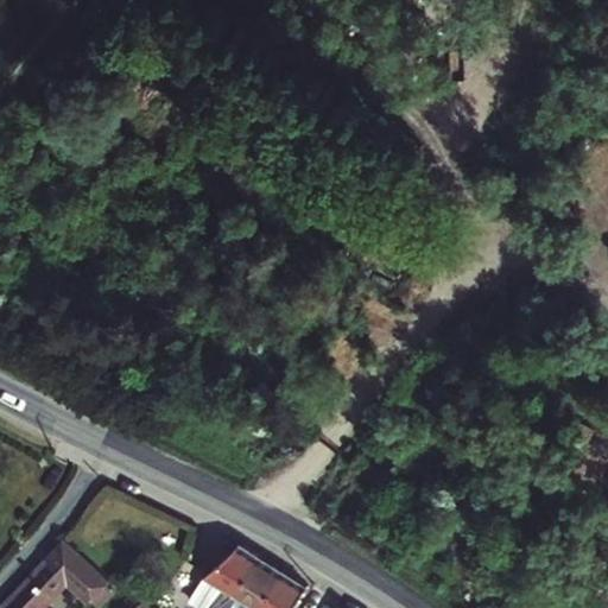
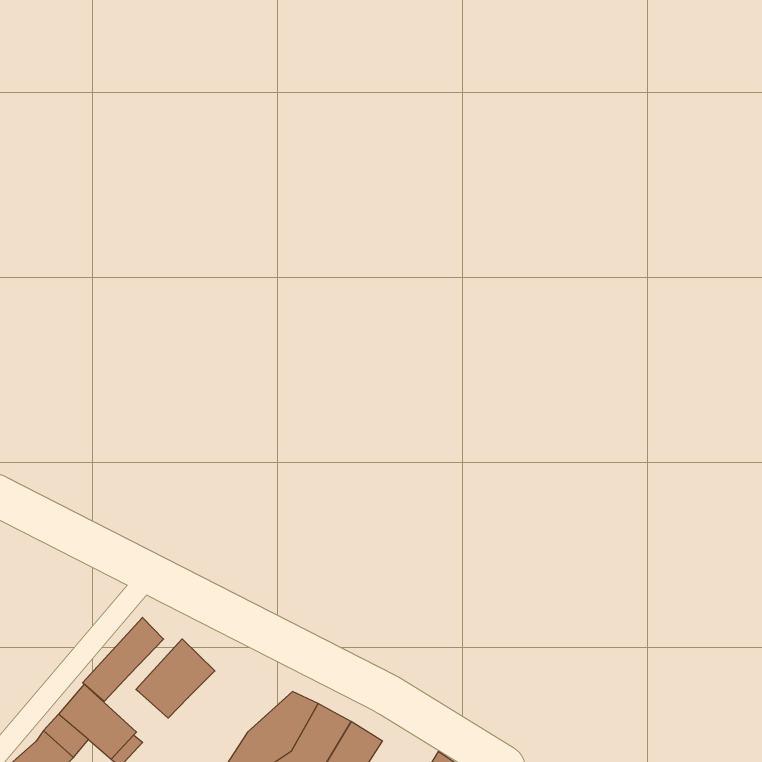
building: none -> [83,617,164,702]
building: none -> [136,639,215,718]

